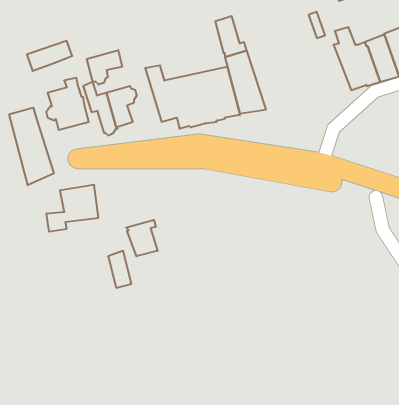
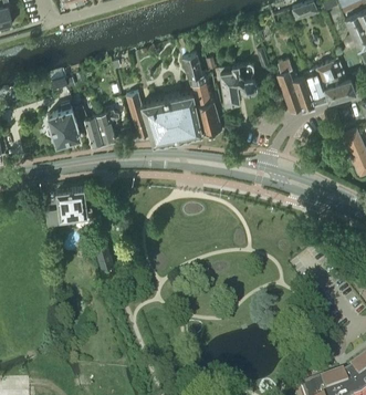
building: none -> [207,55,255,101]
building: [87,50,122,85] -> none
building: [9,108,54,185] -> none
building: [126,220,158,256] -> none

